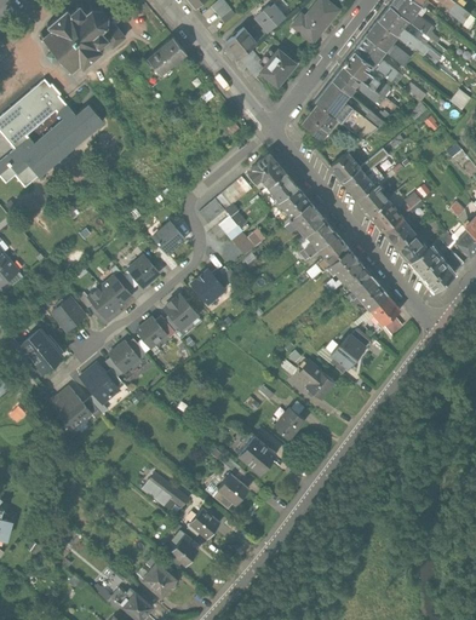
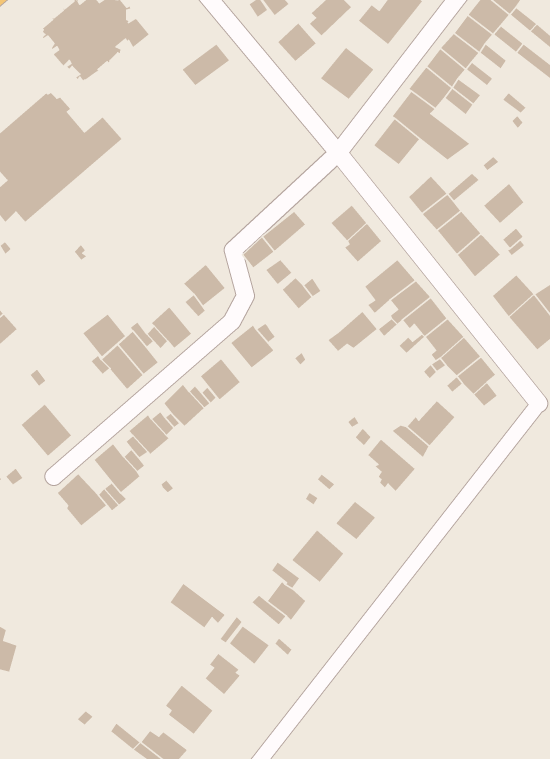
building: [246,154,285,186] -> none
building: [281,201,321,234] -> [328,311,378,352]
building: [383,212,415,245] -> [483,183,524,224]
building: [48,298,84,333] -> [82,313,126,357]

